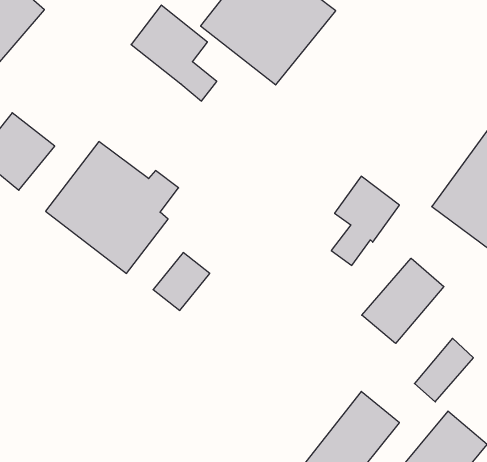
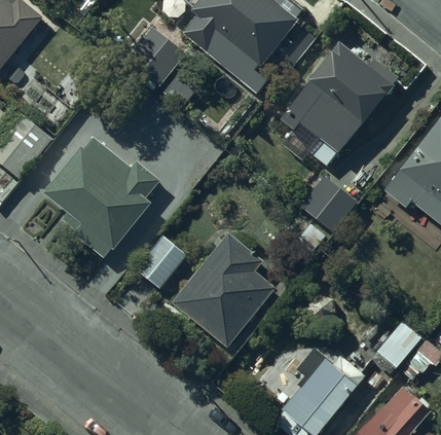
building: none -> [280,43,396,169]
building: none -> [176,234,281,350]
building: [362,258,444,343] -> none

